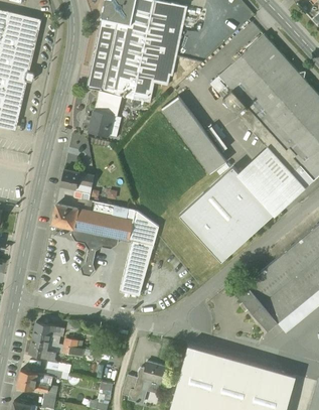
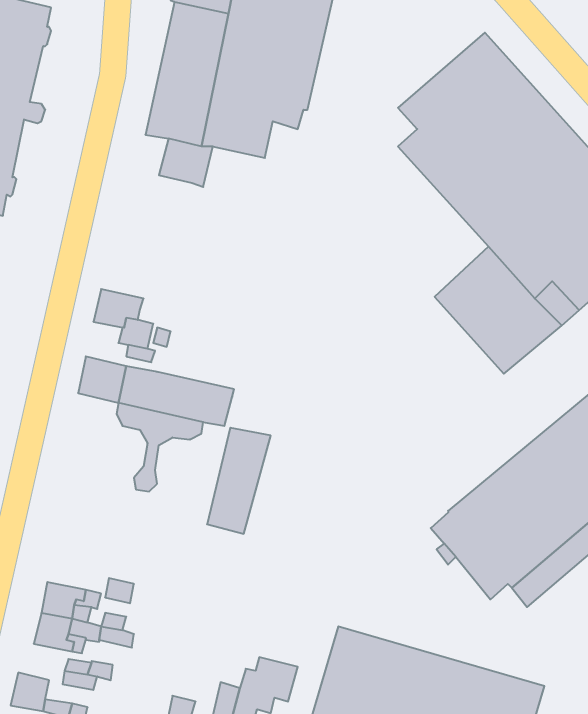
building: [162,97,226,174] -> none
building: [90,110,112,136] -> none
building: [180,167,275,262] -> none
building: [94,202,159,246] -> none

